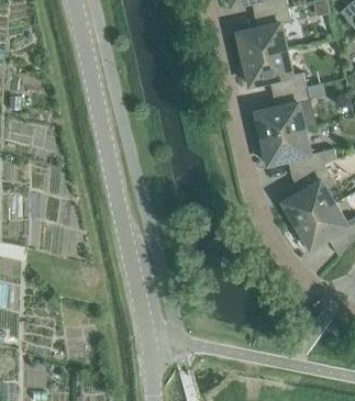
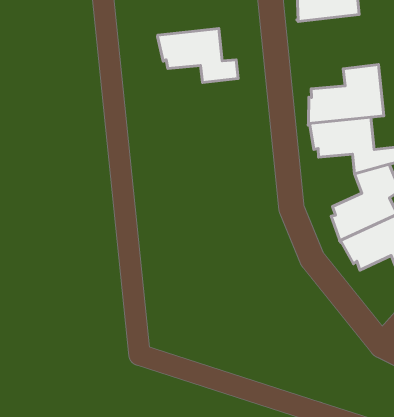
building: [240,49,307,93] -> [158,28,238,83]

